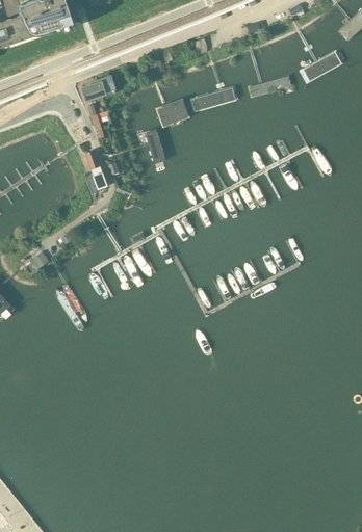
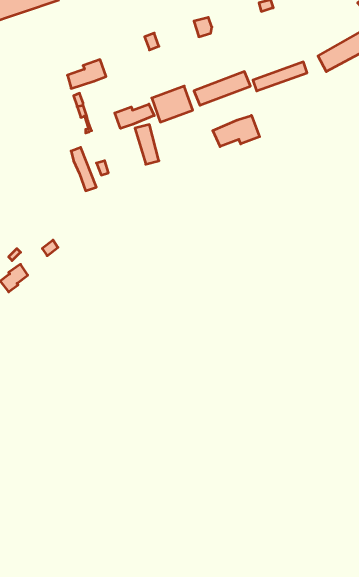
building: none -> [115,104,154,128]
building: none -> [213,115,260,147]

